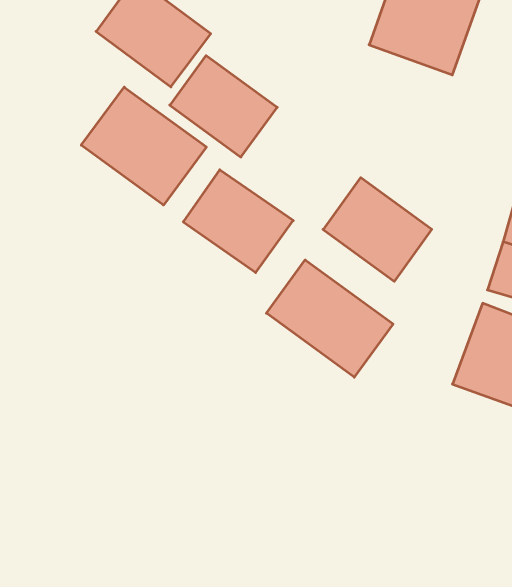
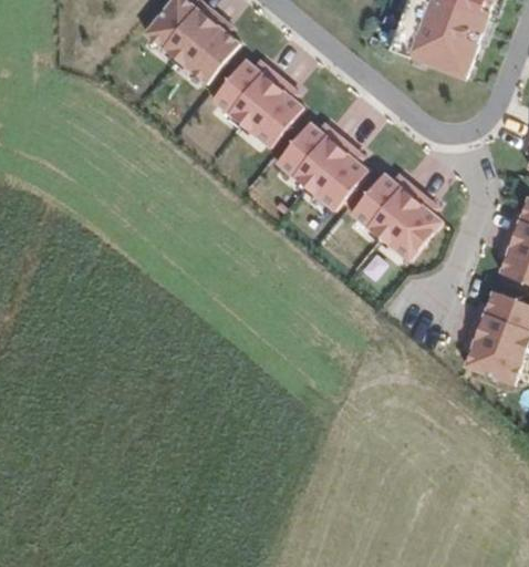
building: [81,87,206,205] -> none
building: [183,170,293,273] -> [273,120,374,214]
building: [266,260,393,377] -> none

